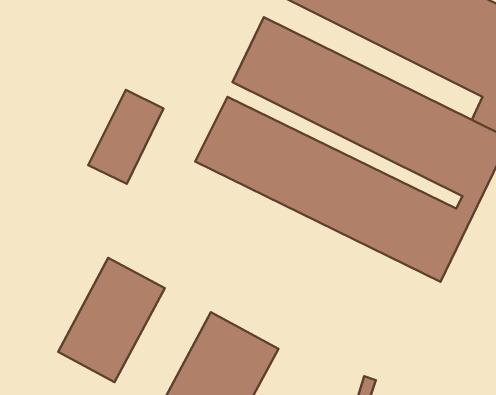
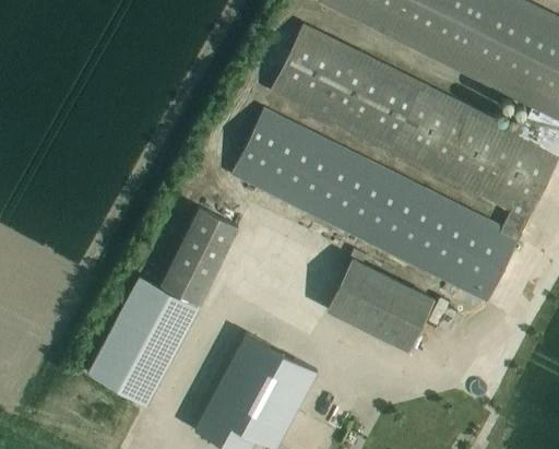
building: [88,90,163,184] -> [160,204,239,303]
building: none -> [328,257,436,350]

